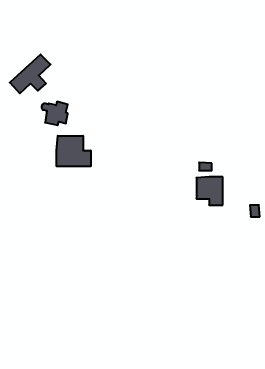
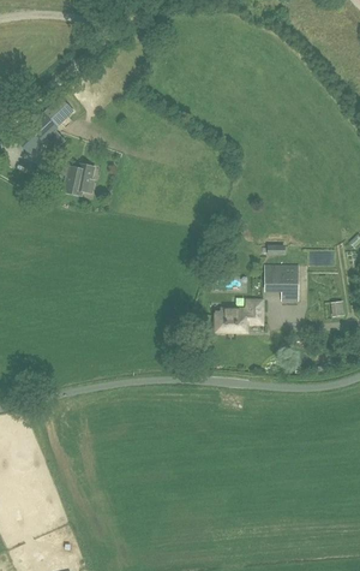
building: [57,136,91,166] -> none
building: none -> [212,298,263,331]

